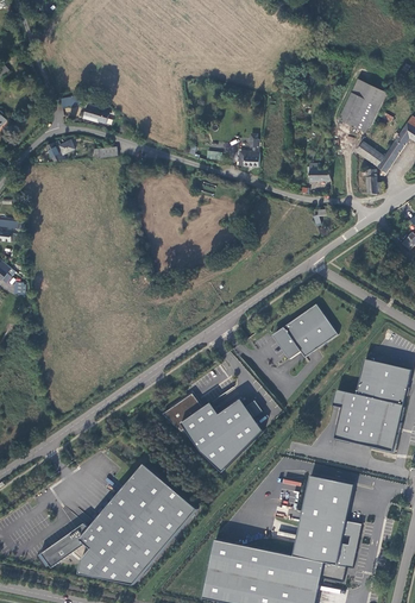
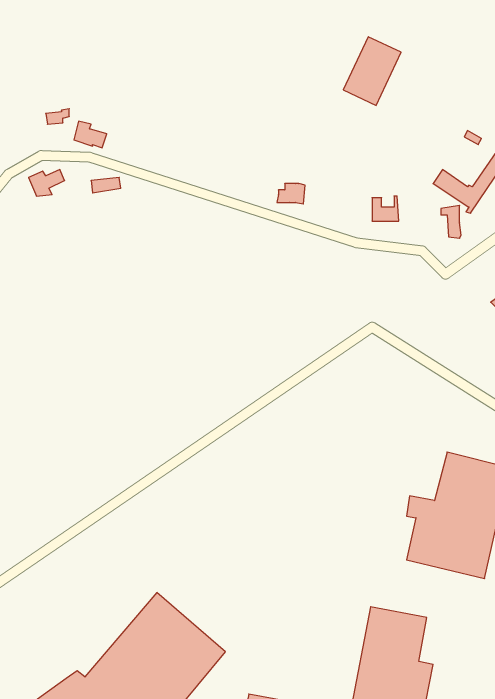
building: [339,80,383,132] -> [343,37,401,105]
building: [273,303,338,358] -> none
building: [163,394,263,472] -> none

